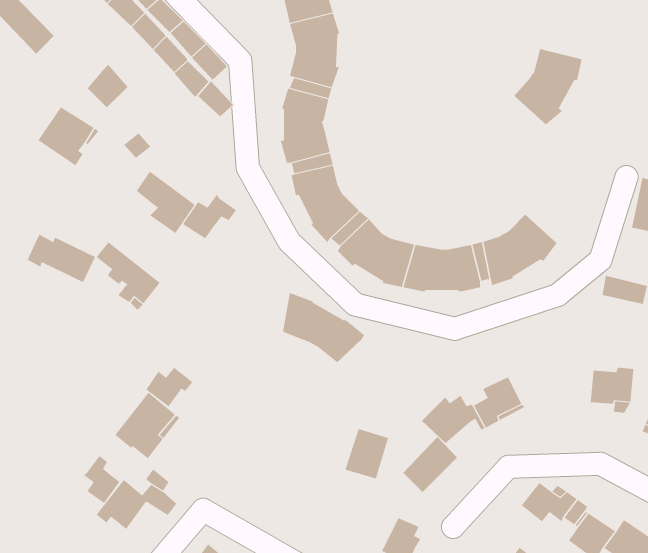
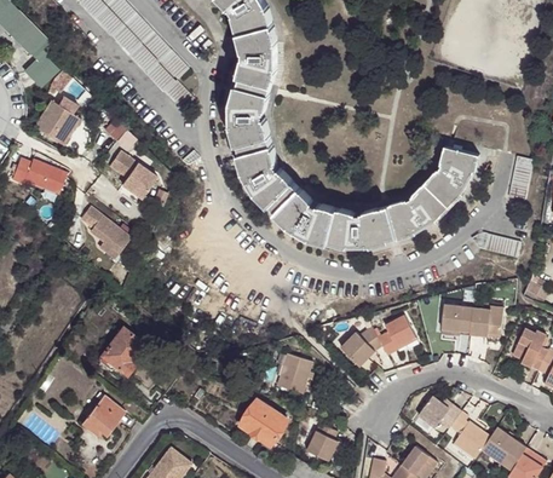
building: [514,48,583,125] -> [420,148,474,208]
building: [87,64,128,108] -> [23,53,56,88]
building: [182,194,237,239] -> none
building: [27,234,96,283] -> [13,159,68,197]
building: [282,292,365,363] -> none
building: none -> [440,305,473,334]
building: [145,367,193,407] -> none
building: [403,436,458,493] -> none
building: [83,455,120,504] -> none
building: none -> [238,398,284,448]

